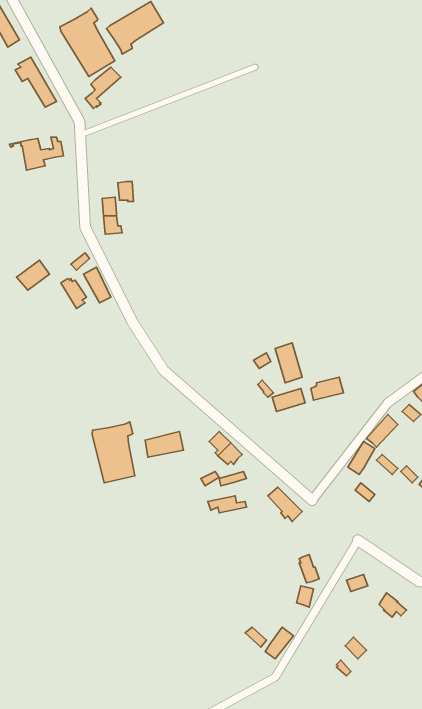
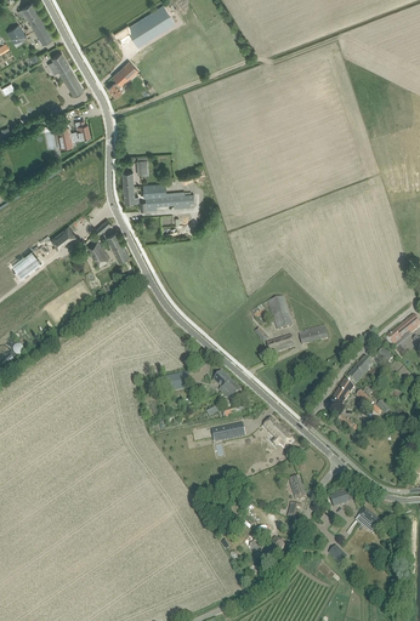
building: [60,8,115,76] -> none
building: none -> [142,184,193,211]
building: [92,422,135,483] -> none

